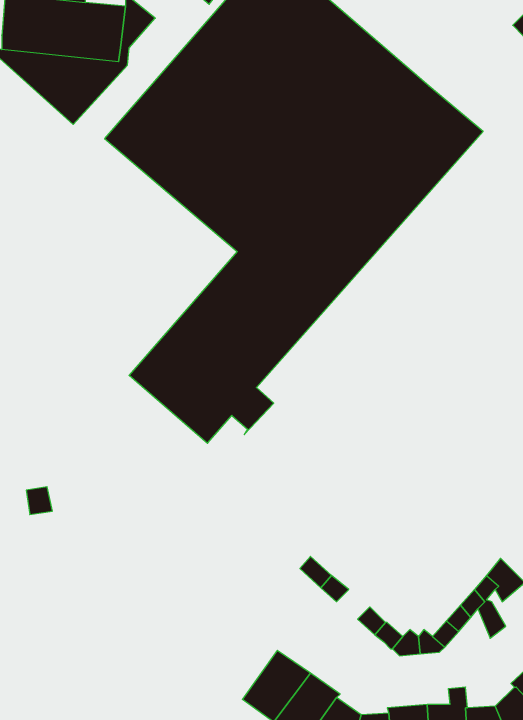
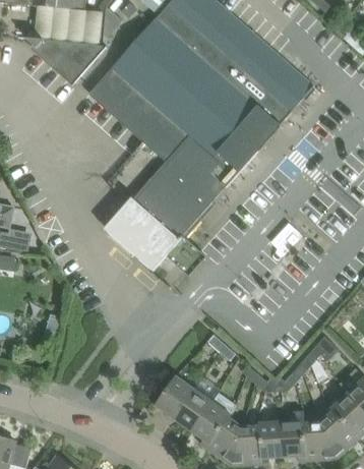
building: none -> [155,375,194,417]

